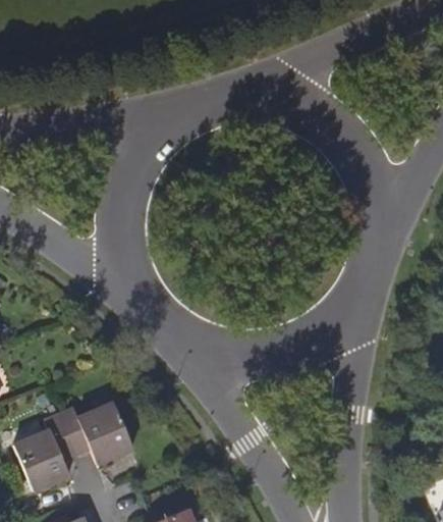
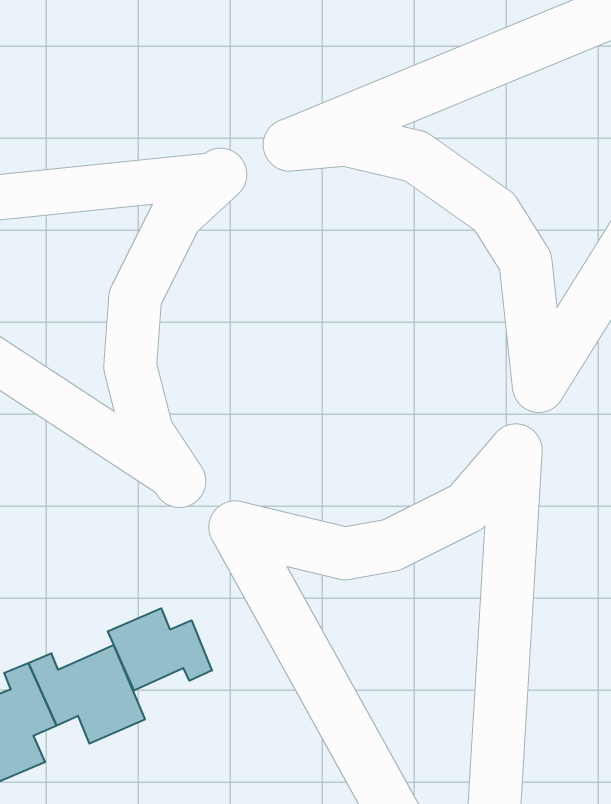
building: none -> [108,608,212,691]

